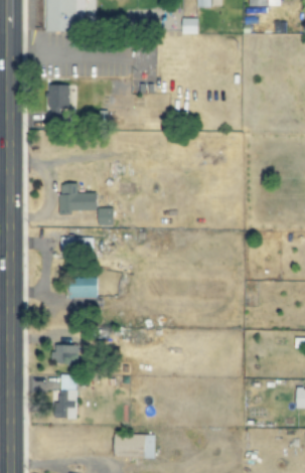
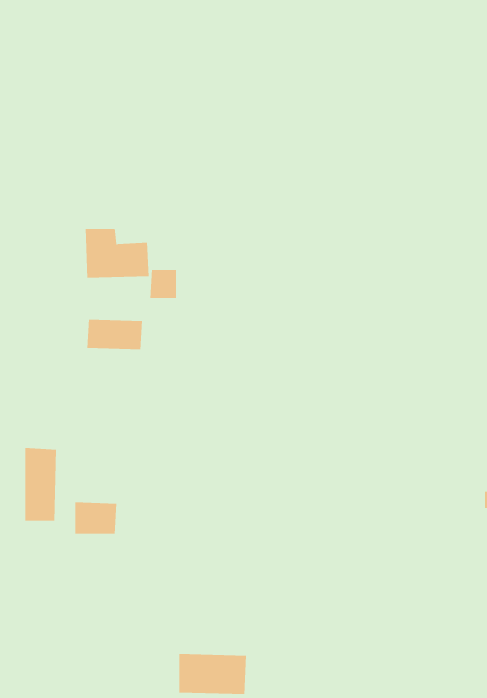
building: [47,84,71,123] -> none
building: [69,285,97,300] -> none
building: [58,374,78,418] -> [25,448,57,521]

